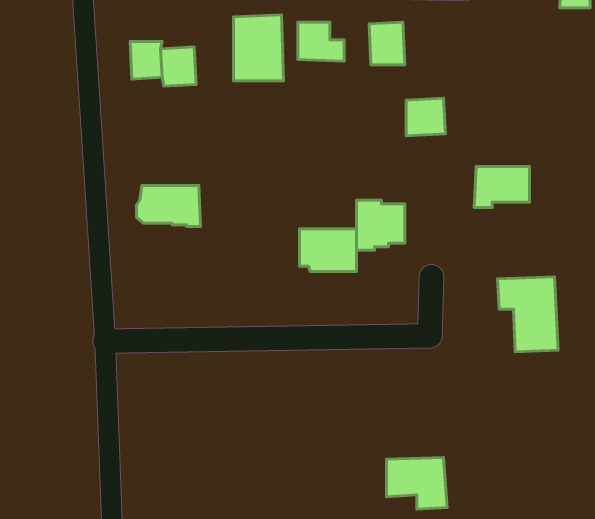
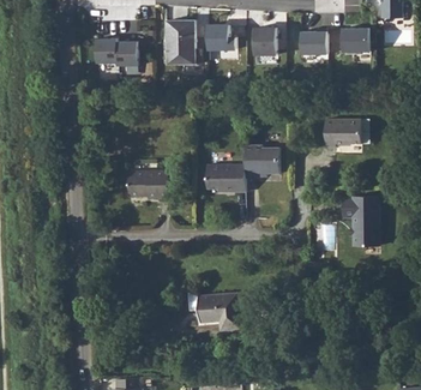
building: none -> [342,26,371,52]
building: [406,98,445,136] -> [302,29,329,54]
building: [136,186,201,227] -> [126,175,169,203]
building: [386,457,447,509] -> [196,295,236,330]

